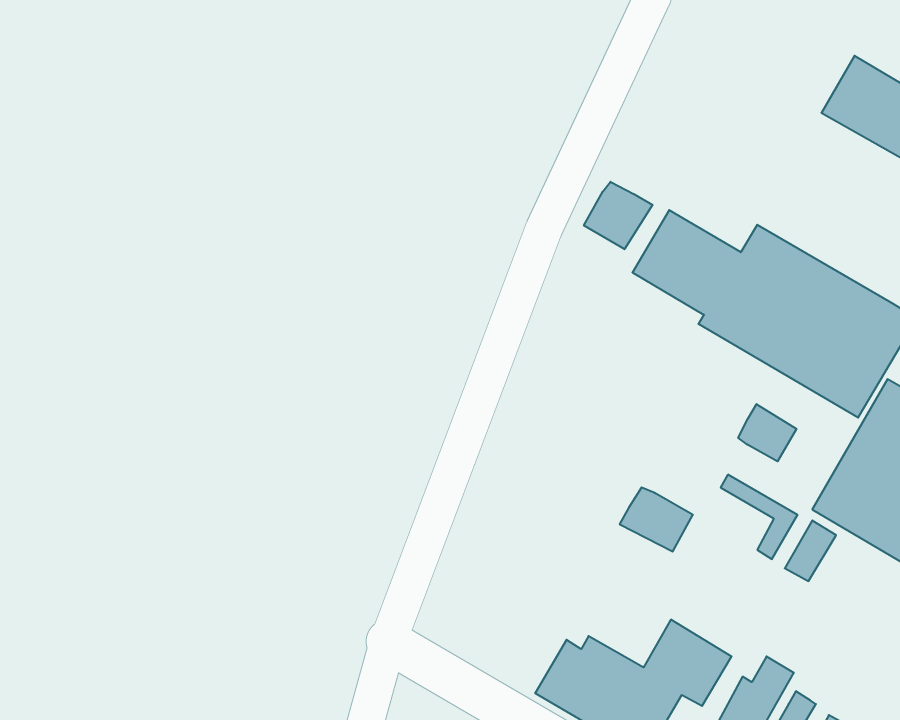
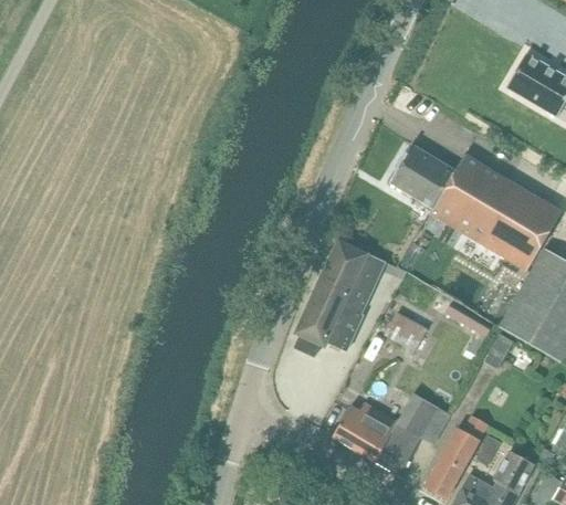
building: [584,182,652,249] -> none
building: none -> [293,240,386,357]
building: [738,404,796,461] -> none

